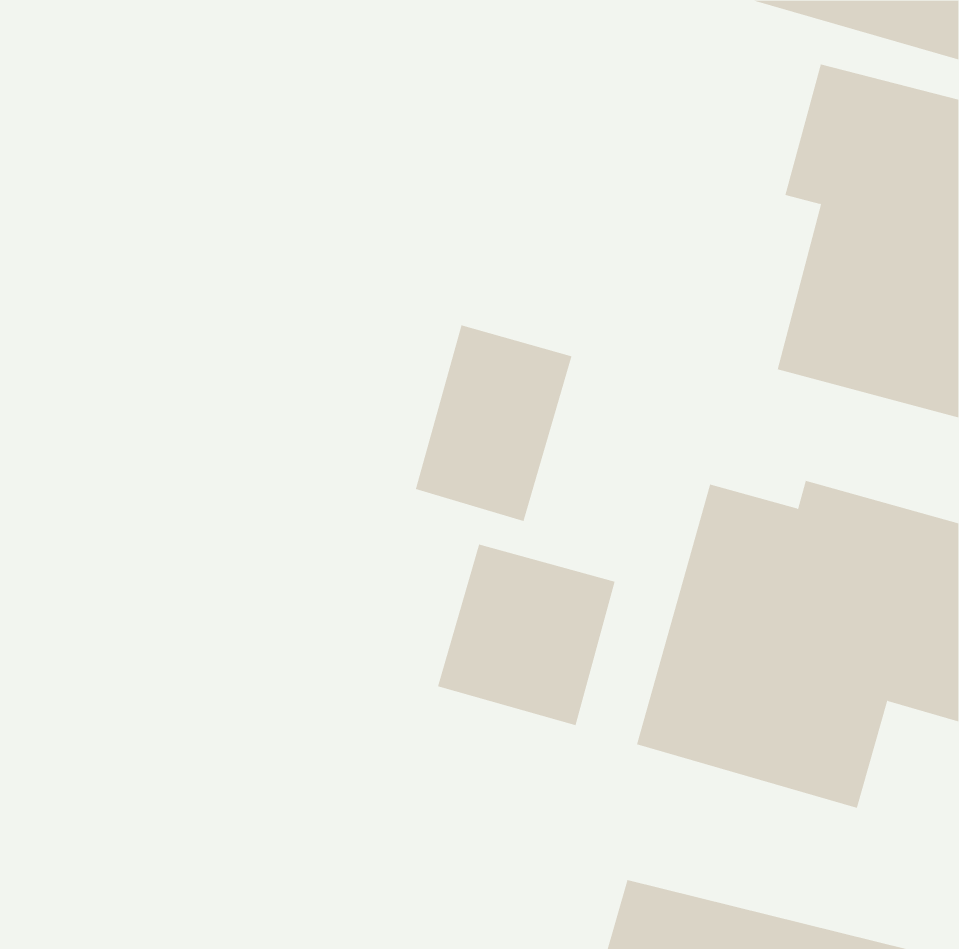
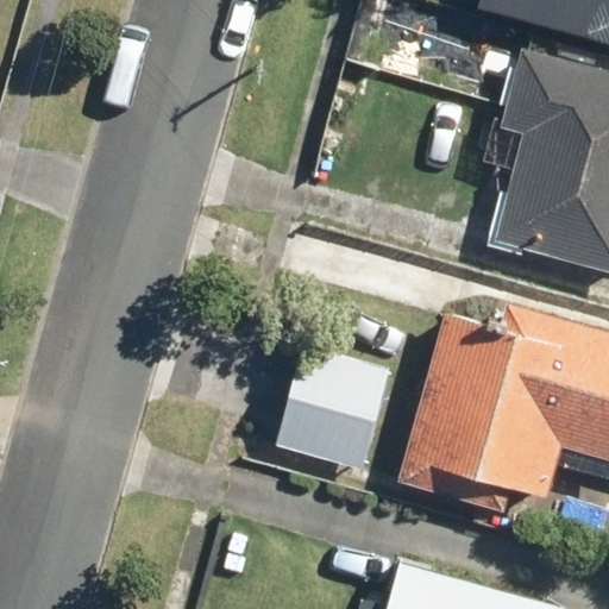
building: [415,324,572,522] -> none

